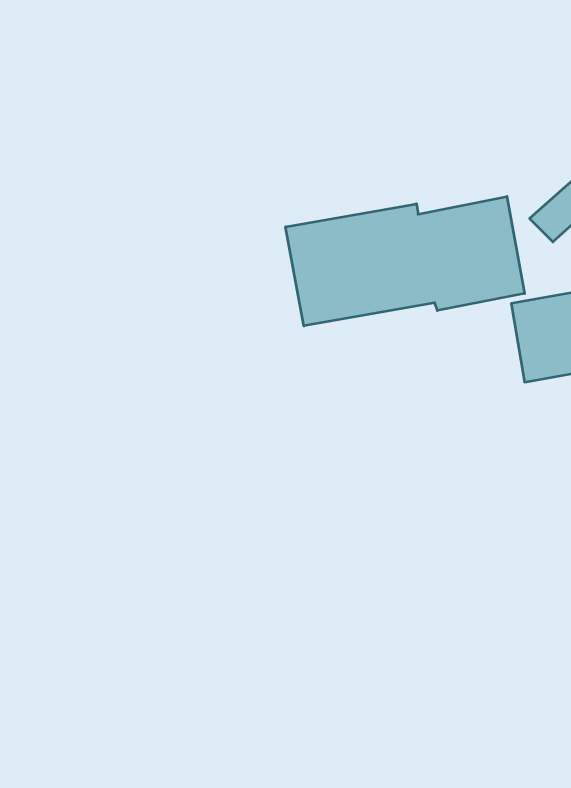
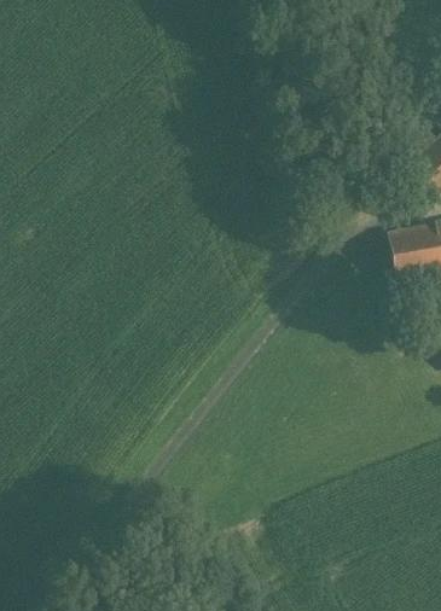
building: [286,196,525,326] -> none

